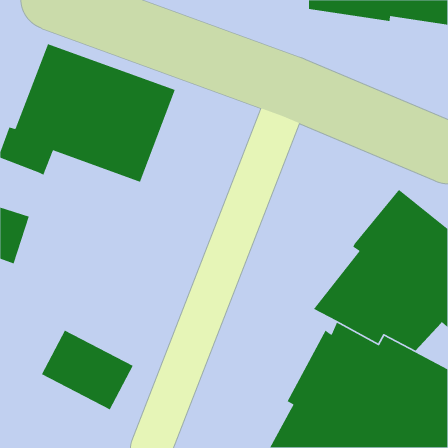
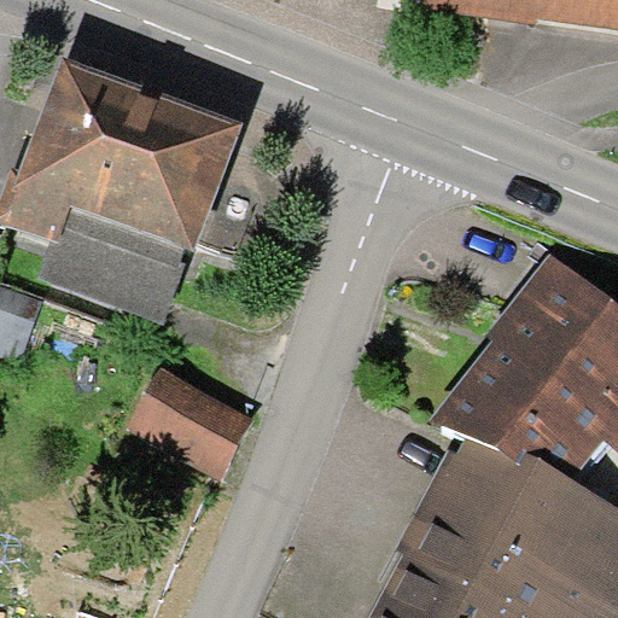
building: none -> [39,208,190,321]
building: [41,330,134,410] -> [127,368,255,479]

